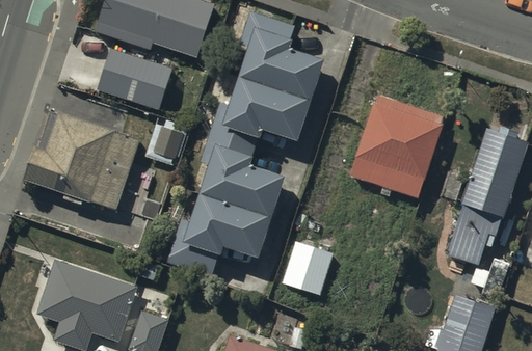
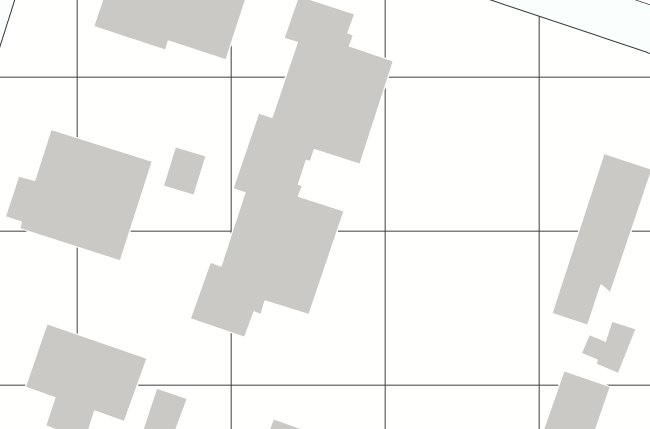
building: [98,50,170,109] -> none
building: [349,95,444,199] -> none
building: [283,240,335,296] -> none

